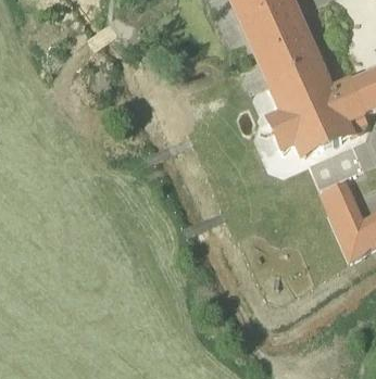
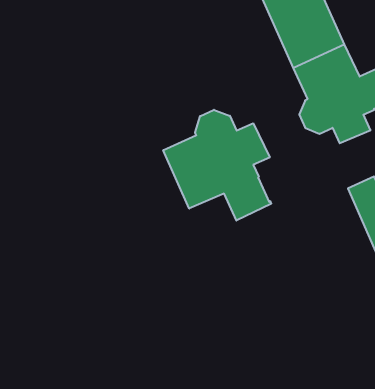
building: none -> [163,110,271,221]

